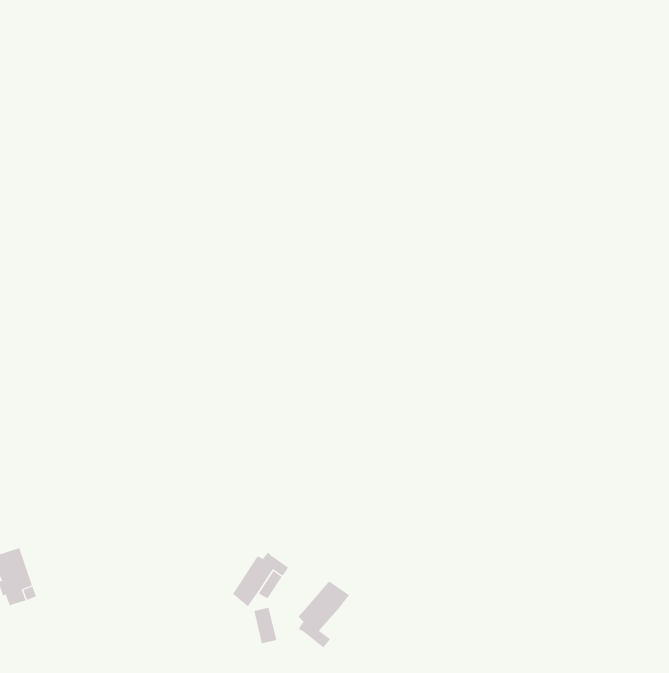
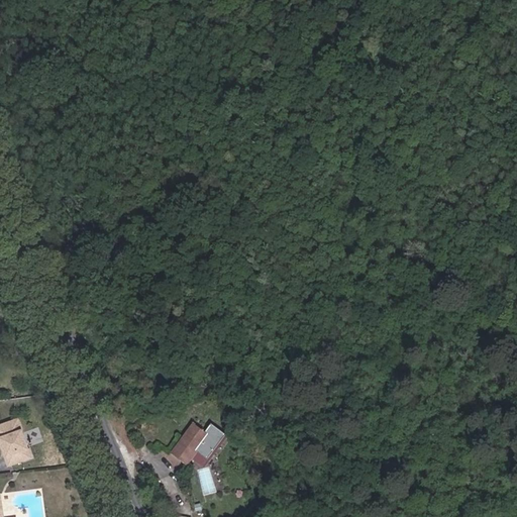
building: [298,581,350,648] -> none

